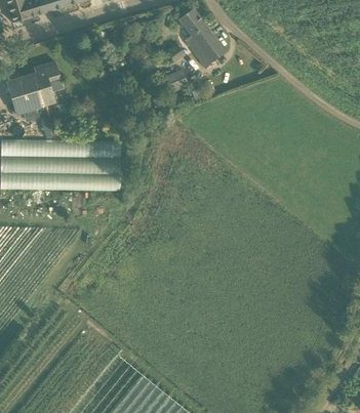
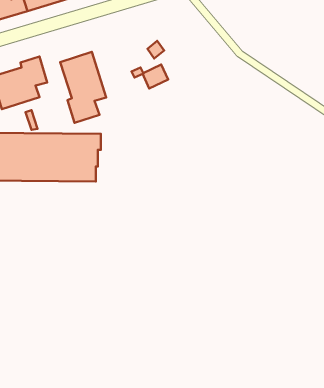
building: [178,8,225,67] -> none
building: none -> [60,52,106,123]

